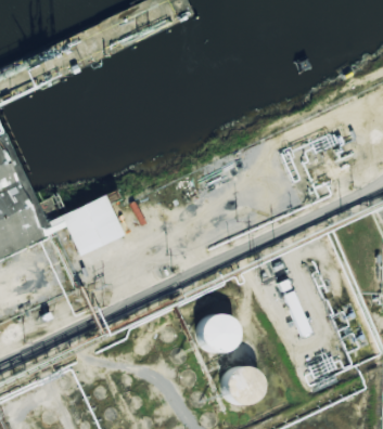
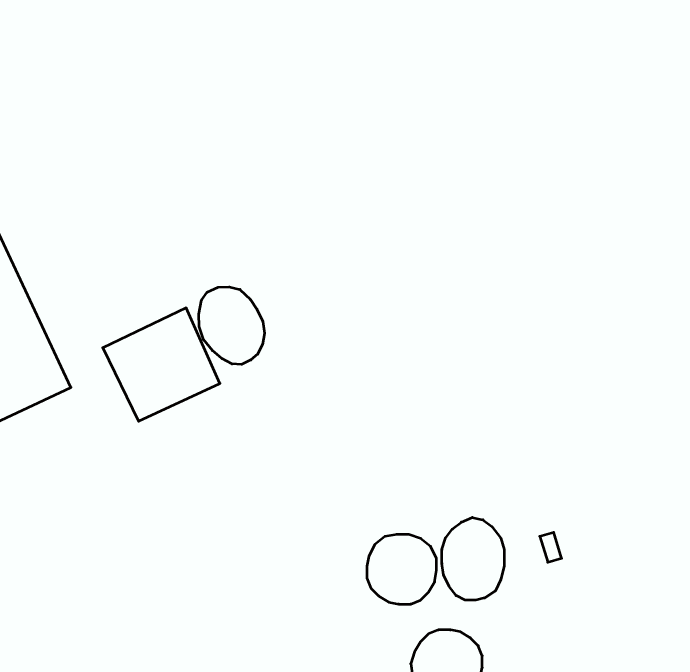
building: none -> [199,287,265,364]
building: none -> [442,517,504,600]

